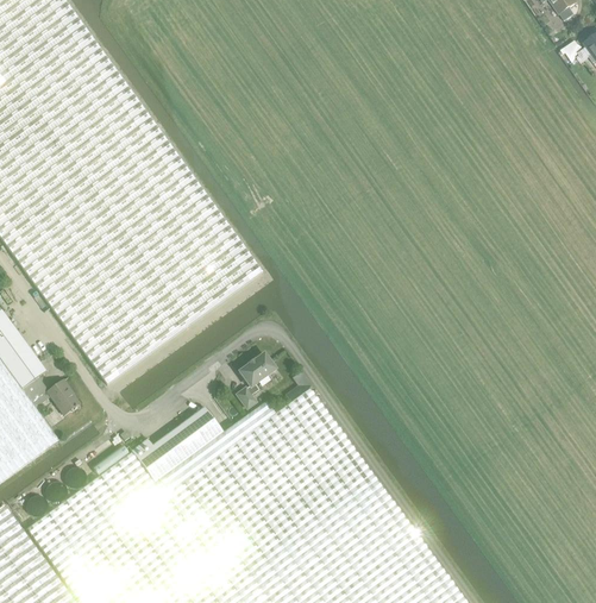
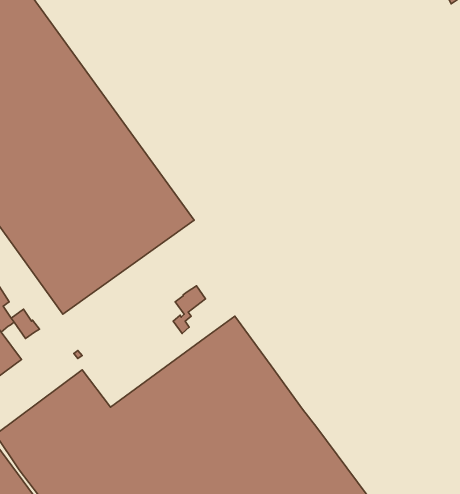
building: [130,401,275,496] -> none

